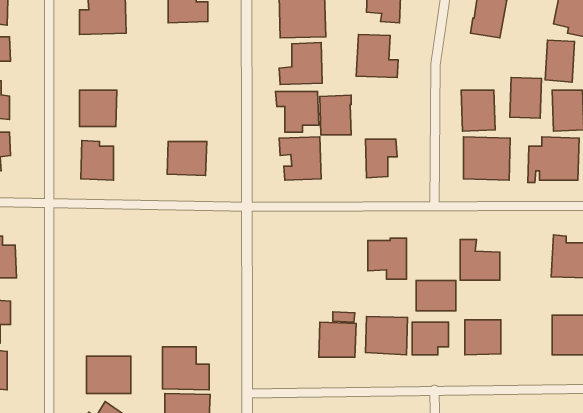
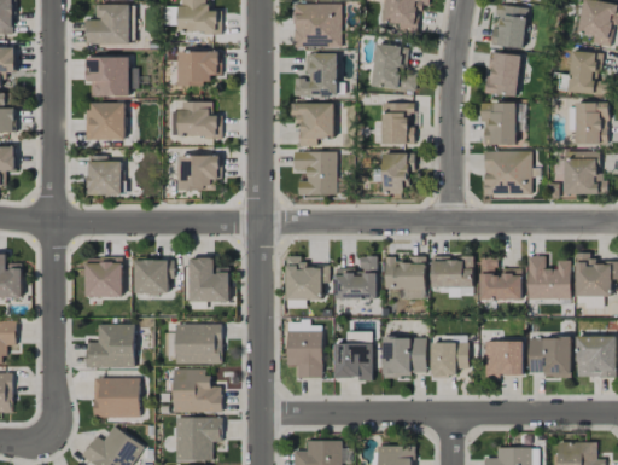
building: none -> [177,51,218,86]
building: none -> [87,56,129,97]
building: [510,77,541,118] -> [486,53,519,95]
building: none -> [170,101,220,136]
building: [320,95,351,135] -> [381,103,414,144]
building: none -> [527,255,571,300]
building: none -> [285,256,330,300]
building: none -> [336,256,378,300]
building: none -> [84,257,123,297]
building: none -> [190,258,229,302]
building: none -> [134,260,174,293]
building: [416,281,456,311] -> [432,256,473,287]
building: none -> [87,324,135,367]
building: none -> [175,324,222,365]
building: none -> [286,331,322,378]
building: none -> [527,338,571,376]

